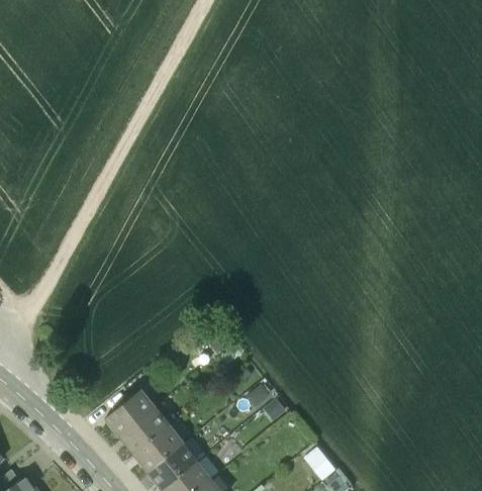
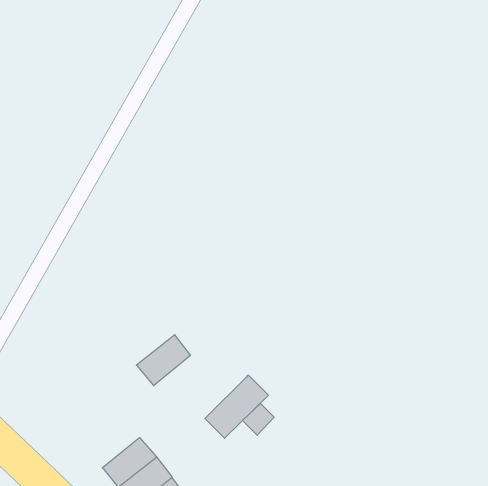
building: none -> [205,375,268,438]
building: [107,391,156,436] -> [136,335,191,386]

